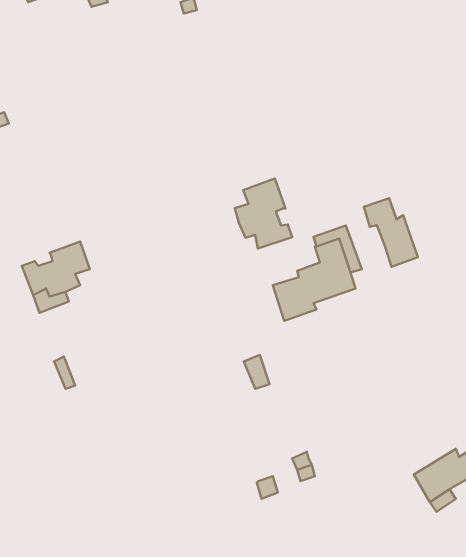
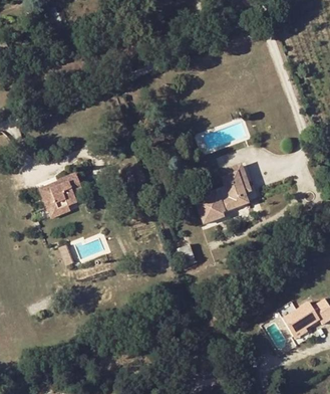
building: [235,179,292,249] -> none
building: [364,198,418,267] -> none

